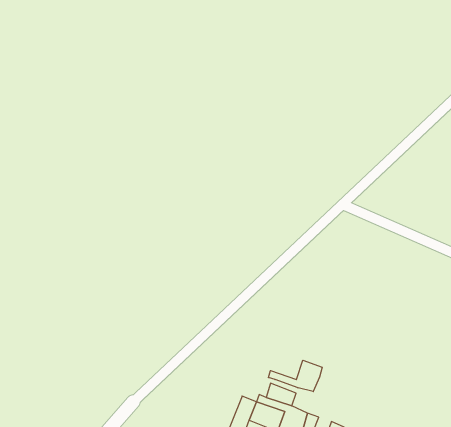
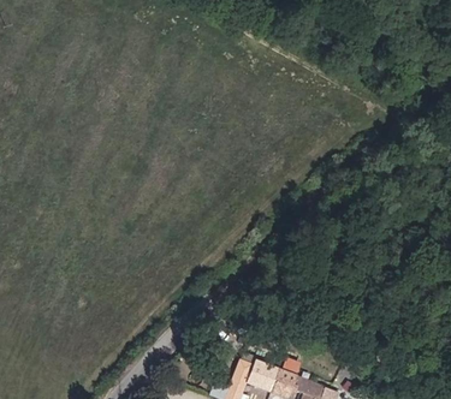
building: [268,360,322,392] -> none

